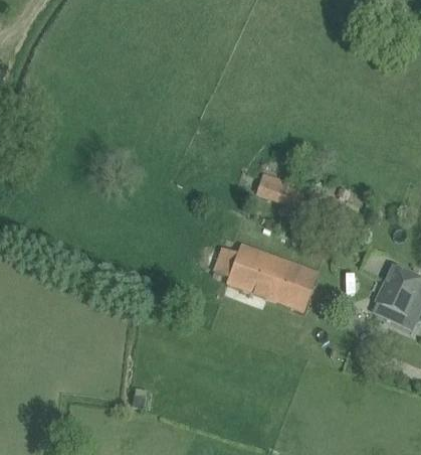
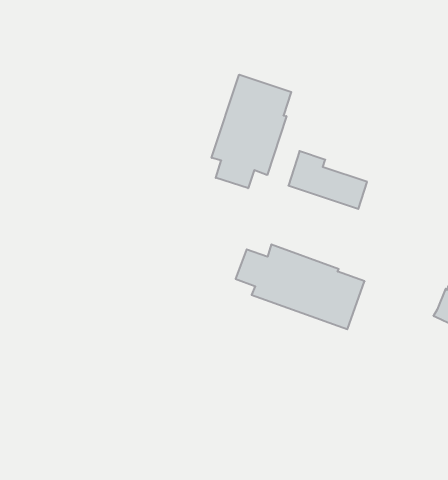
building: none -> [212,75,291,188]

